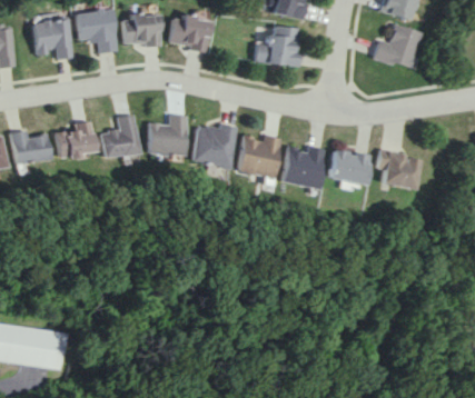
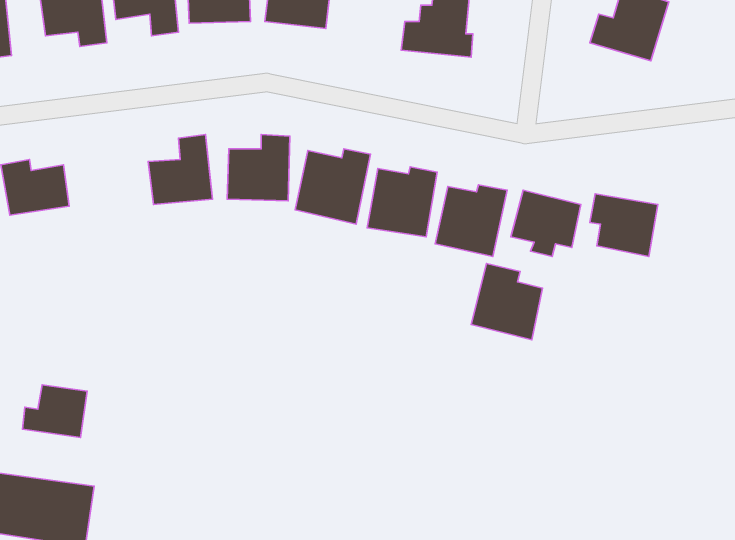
building: [55,121,96,158] -> none
building: none -> [471,263,543,340]
building: none -> [23,385,87,438]

